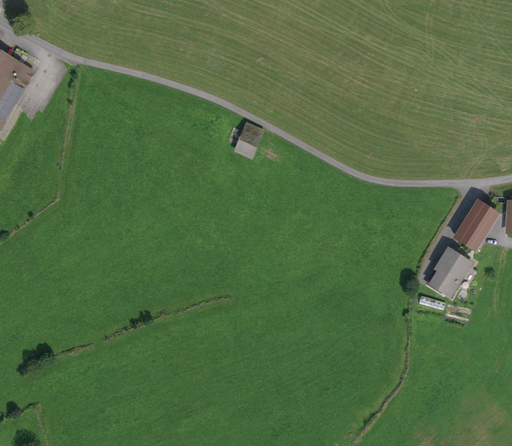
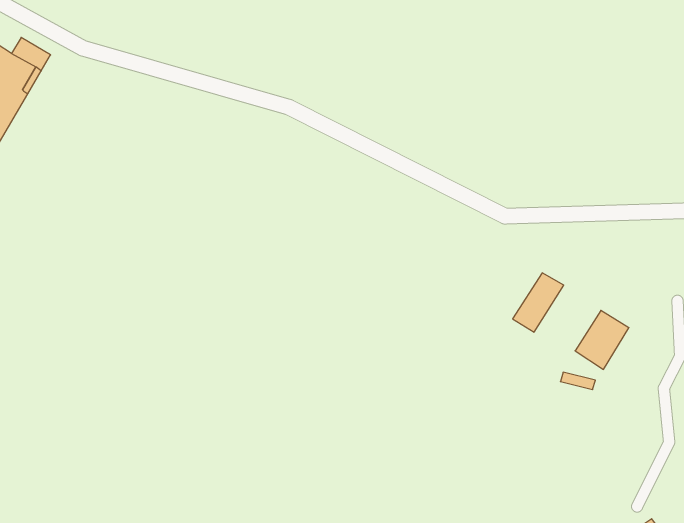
building: [236,124,262,157] -> none
building: [455,203,493,247] -> [513,273,564,332]

